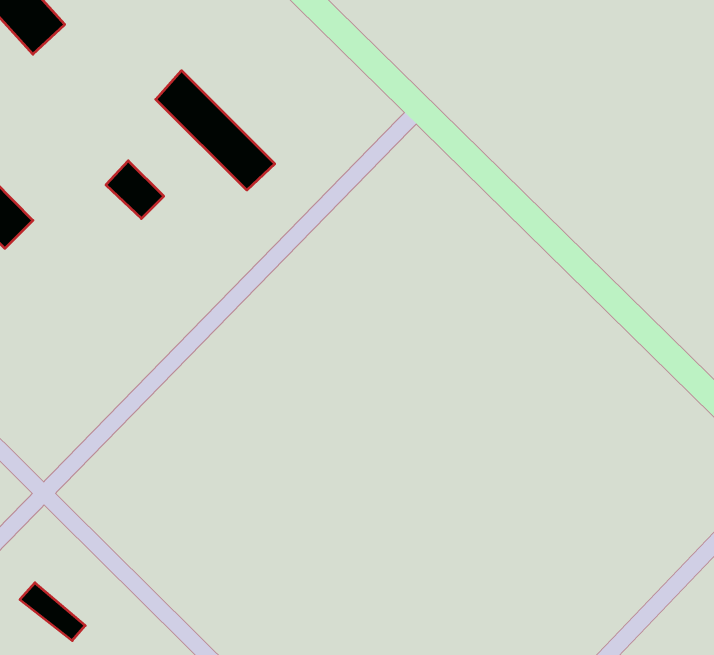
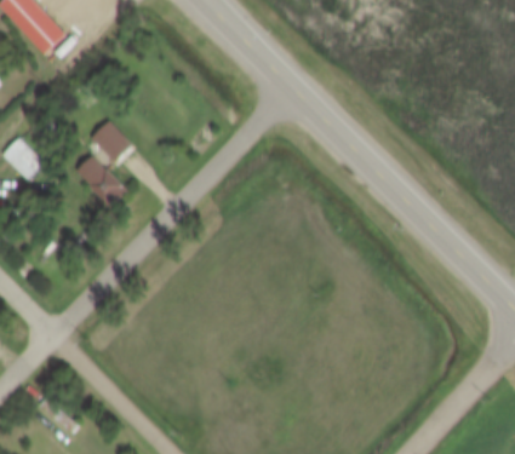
building: [156,71,275,190] -> none
building: none -> [74,155,125,206]

